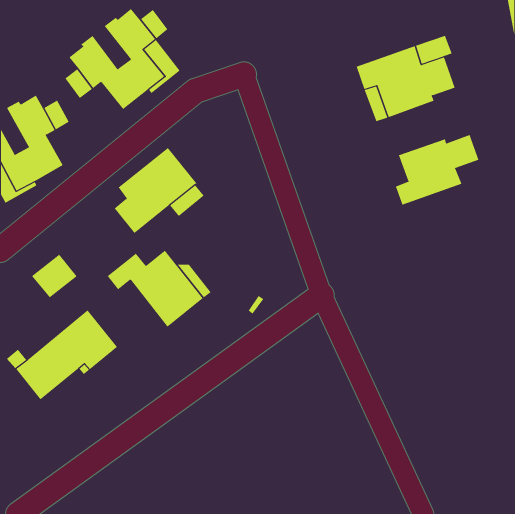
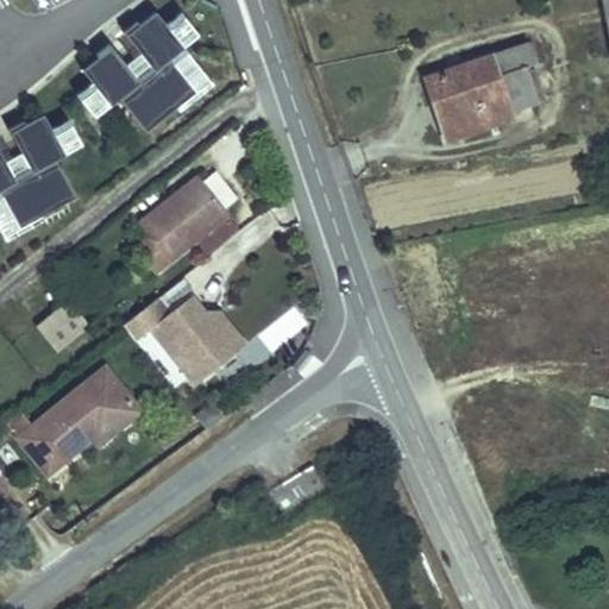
building: [395,134,479,205] -> none

